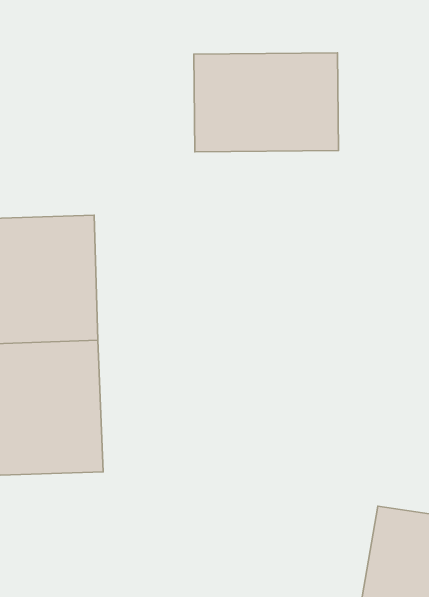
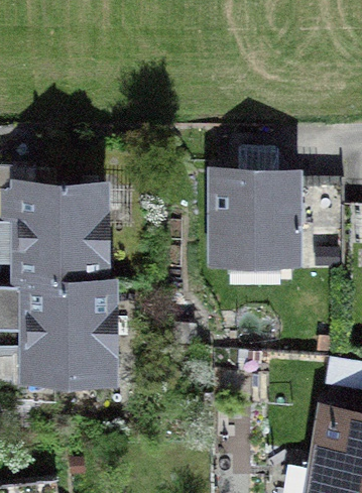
building: [194,53,339,152] -> none
building: none -> [207,171,296,270]

